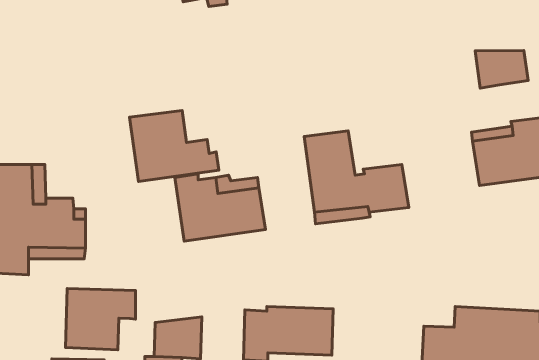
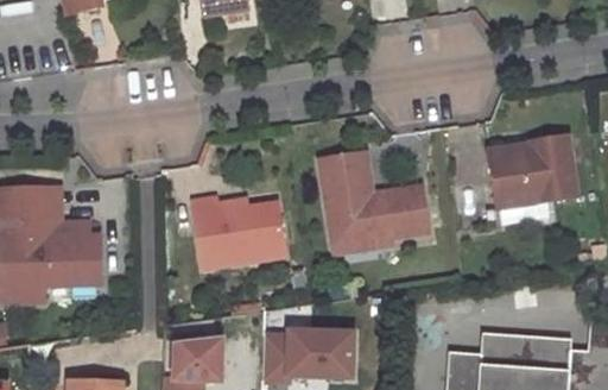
building: [475,51,528,88] -> none
building: [129,110,219,182] -> none
building: [65,288,136,350] -> none

